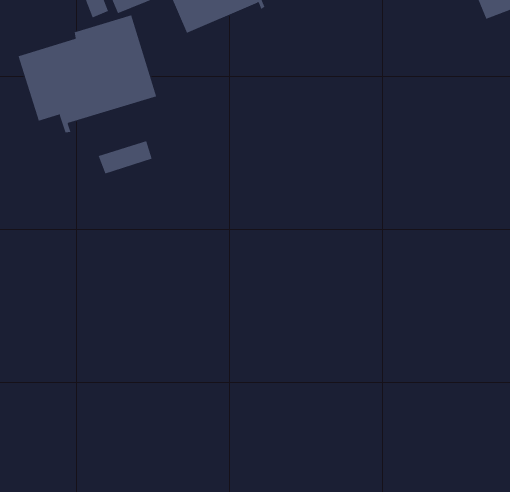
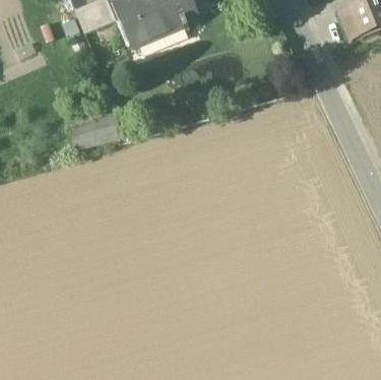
building: [18,14,157,133] -> none

